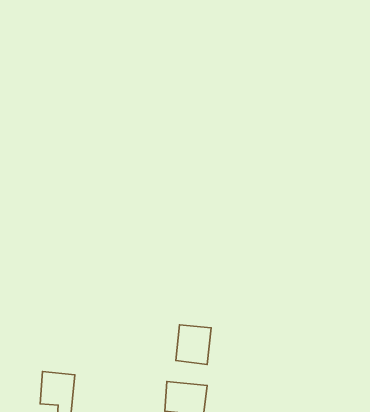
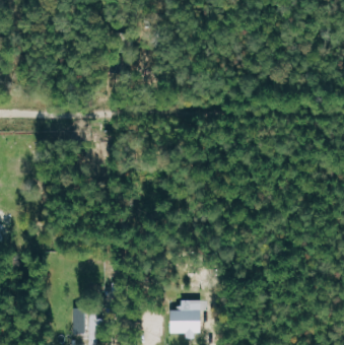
building: [176,325,211,365] -> none

